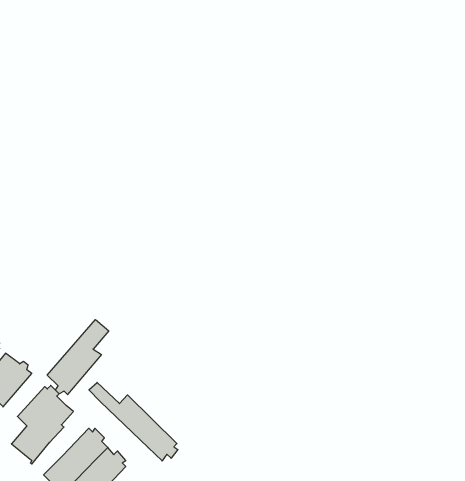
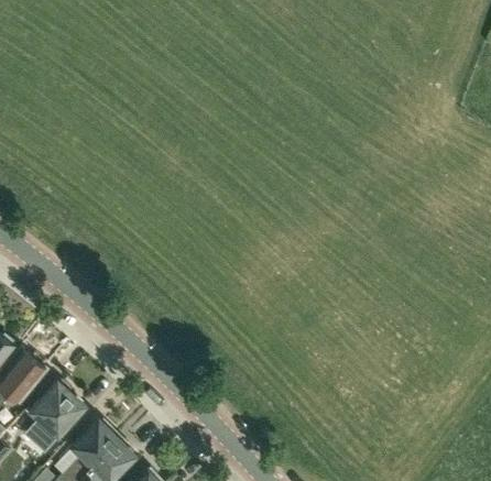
building: [47,320,109,395] -> none
building: [89,382,178,461] -> none

